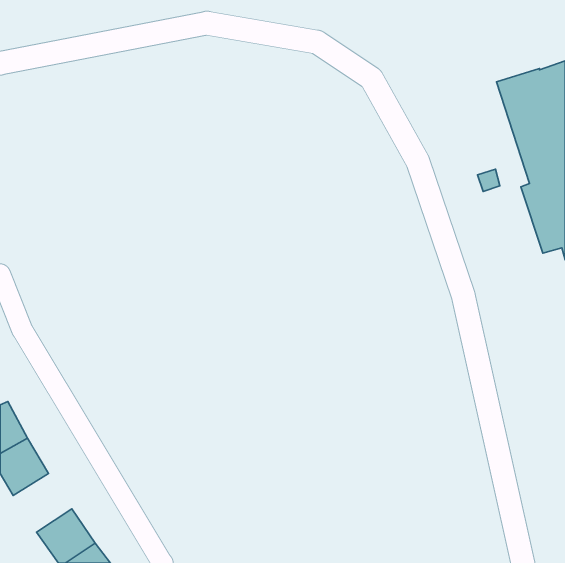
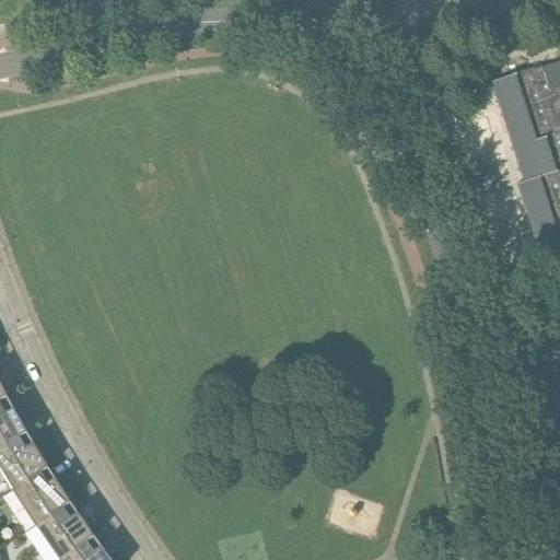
building: none -> [13,468,71,526]

